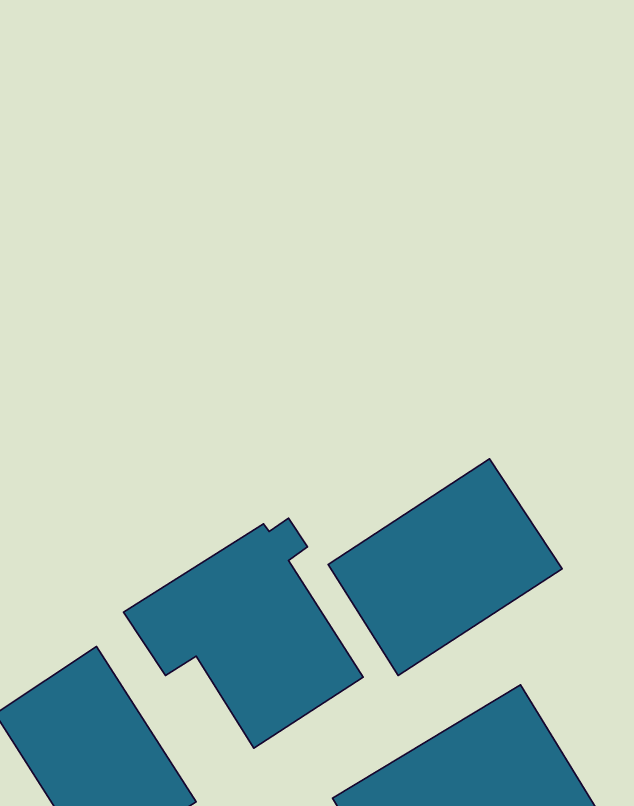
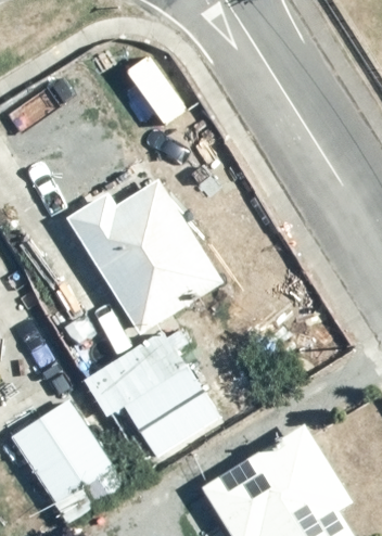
building: none -> [65,178,222,335]
building: [328,459,562,675] -> none

